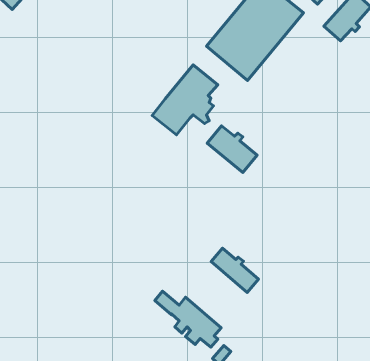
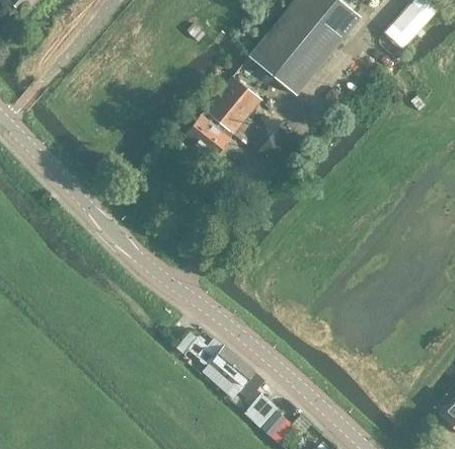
building: [207,126,257,173] -> none
building: [211,248,259,293] -> none

